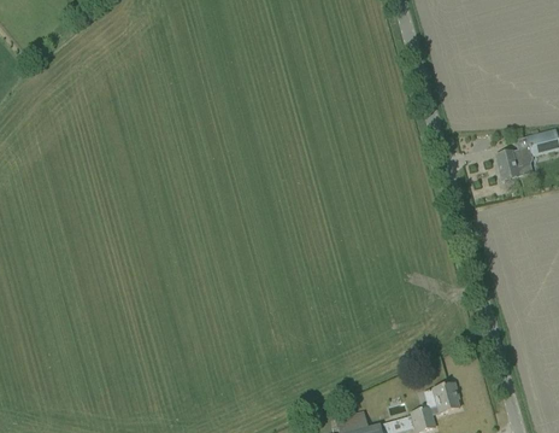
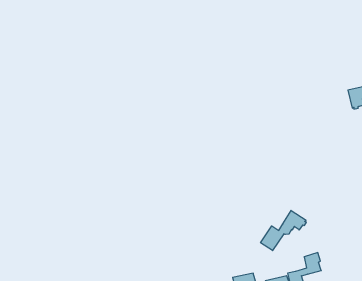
building: none -> [261,210,306,251]

